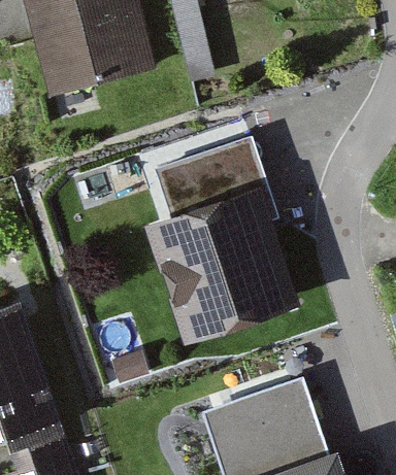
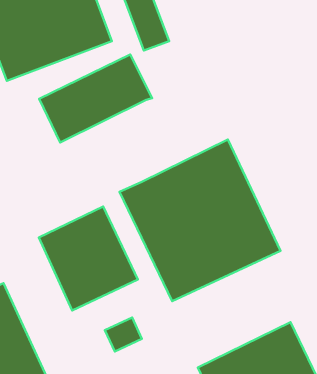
building: [154,136,267,215] -> [39,55,152,142]
building: none -> [39,207,138,310]

